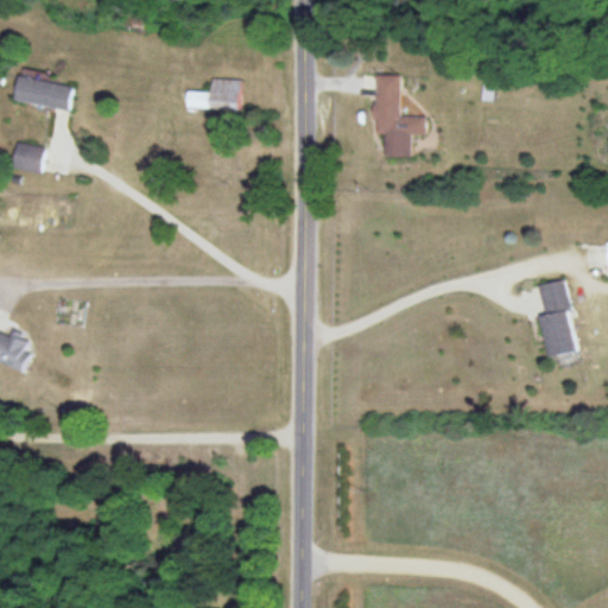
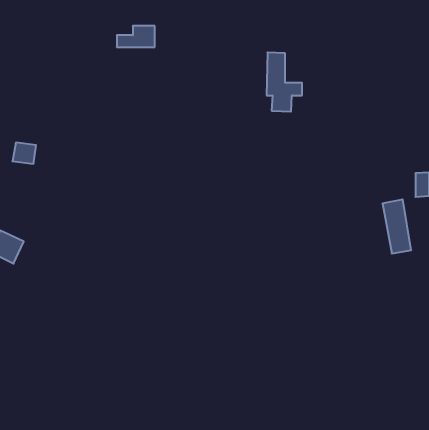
building: [18,78,72,107] -> none
building: [188,78,241,108] -> [117,26,155,47]
building: [11,144,44,173] -> [12,143,36,164]

